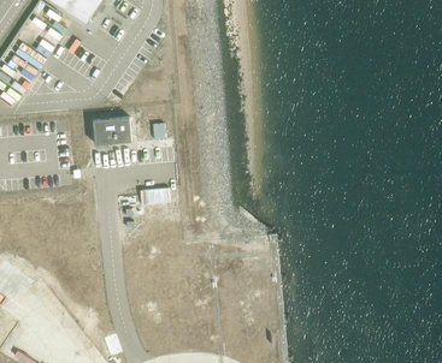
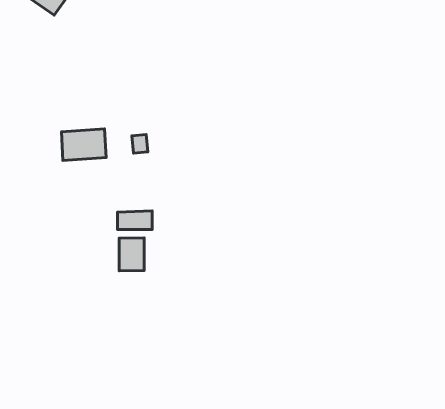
building: none -> [119,238,144,271]

